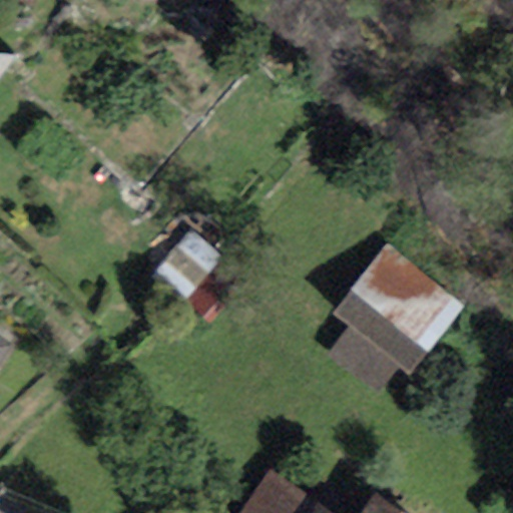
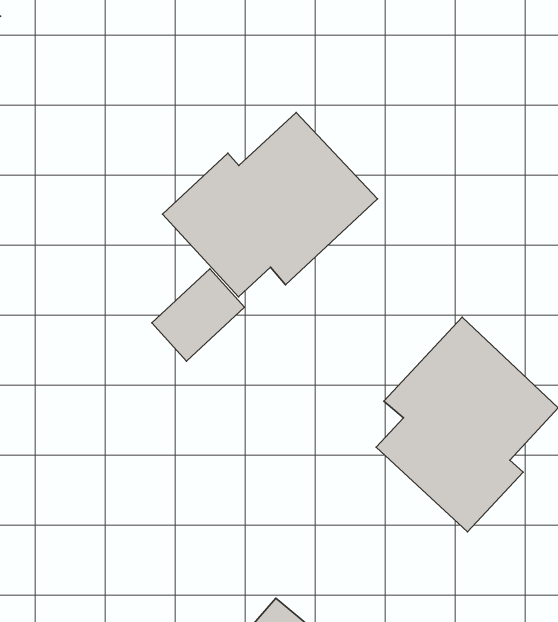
building: none -> [162,112,378,297]

